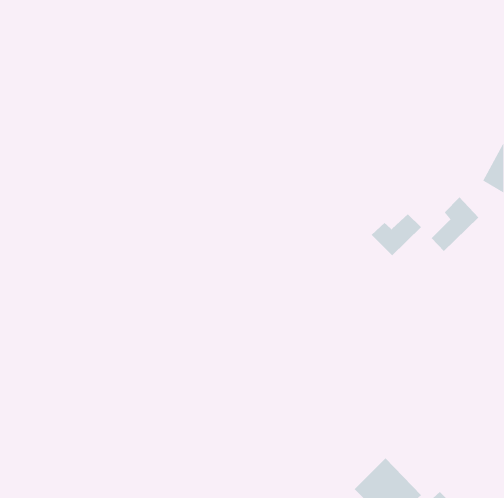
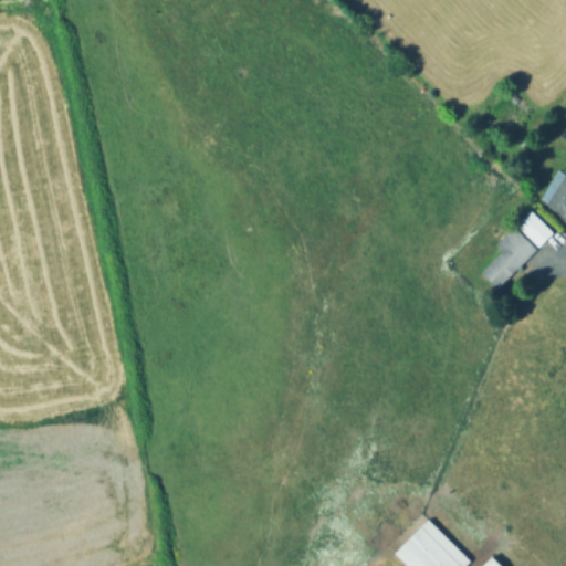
building: none -> [518,211,554,248]
building: [371,213,422,256] -> none

